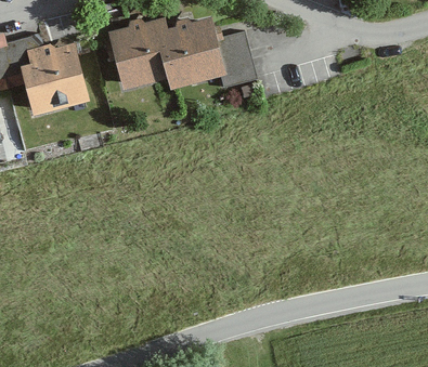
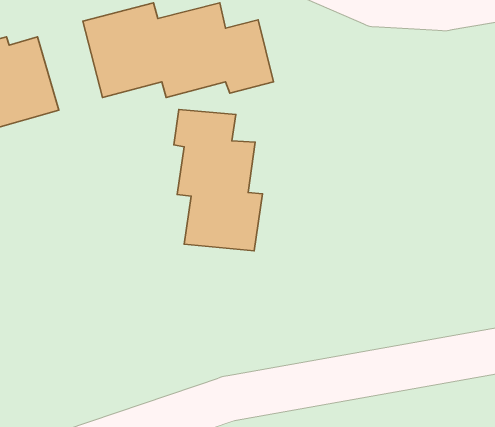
building: none -> [174,109,263,251]

